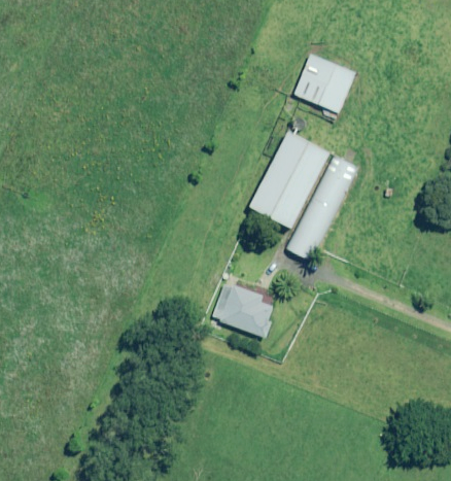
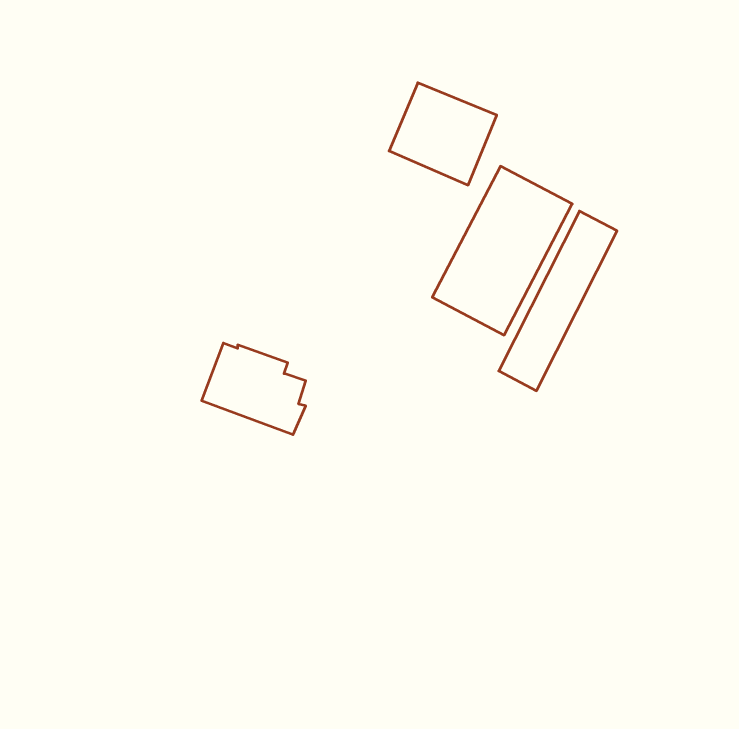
building: [293,54,355,112] -> [389,83,497,185]
building: [212,284,272,337] -> [202,343,306,435]

